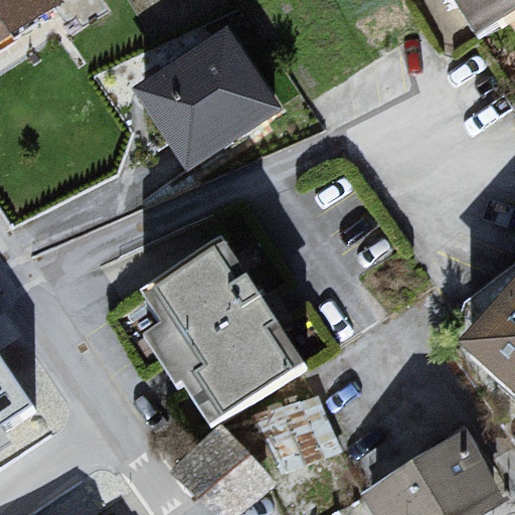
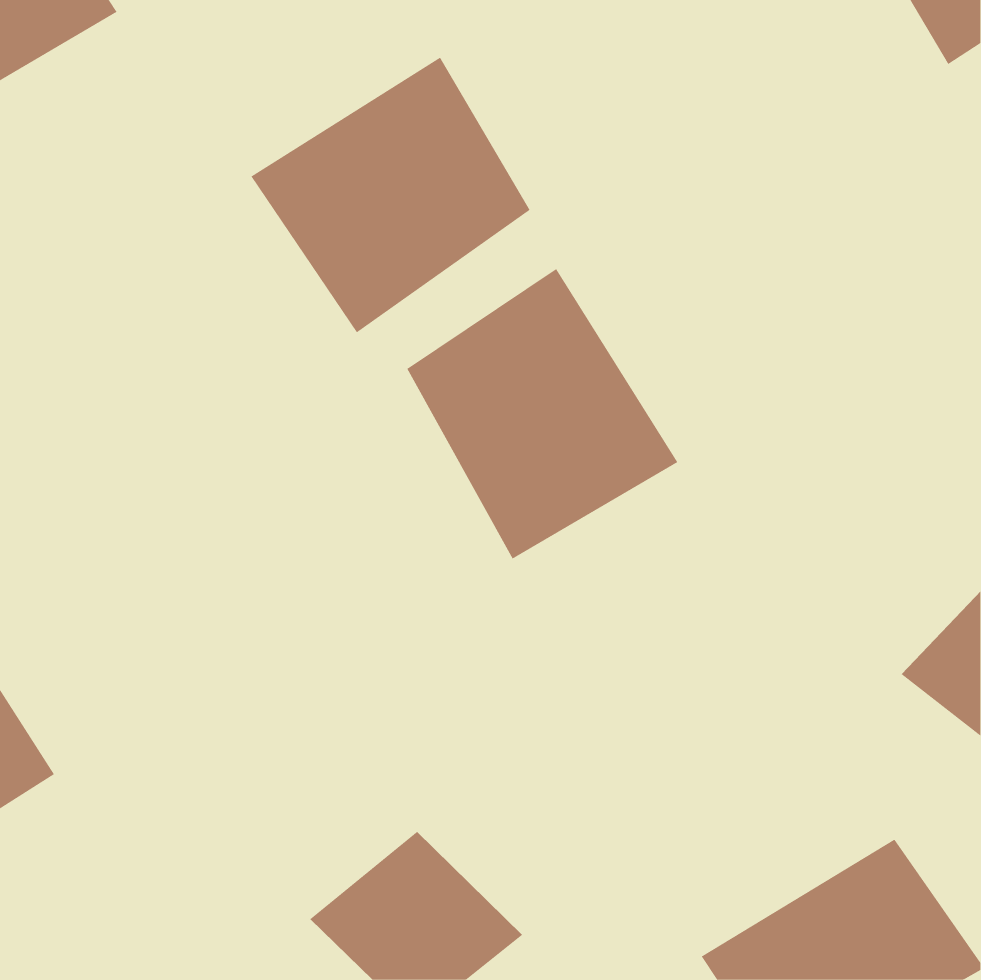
building: none -> [406,268,678,560]
building: [161,252,307,421] -> none

